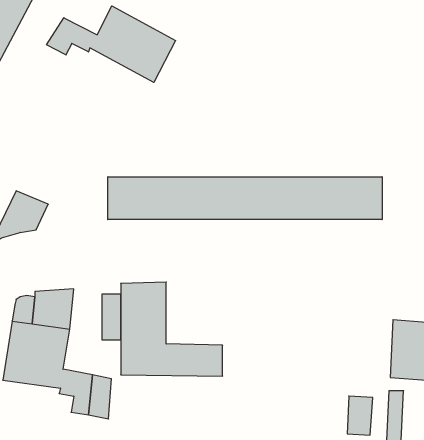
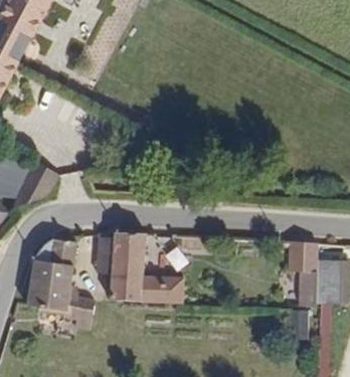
building: [47,6,176,82] -> none
building: [108,177,382,220] -> none
building: none -> [283,240,312,301]

